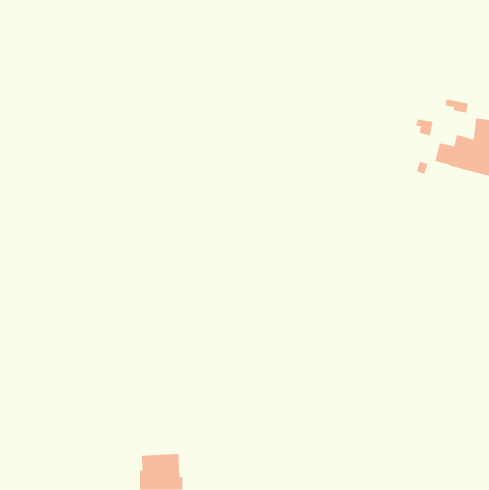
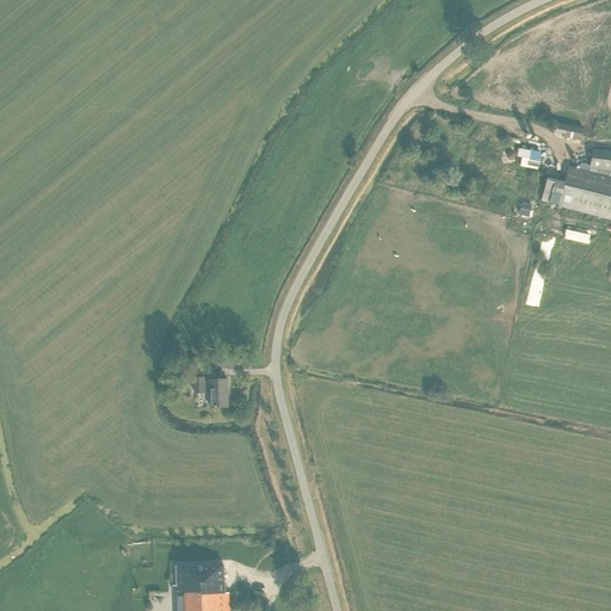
building: none -> [195,377,229,408]

